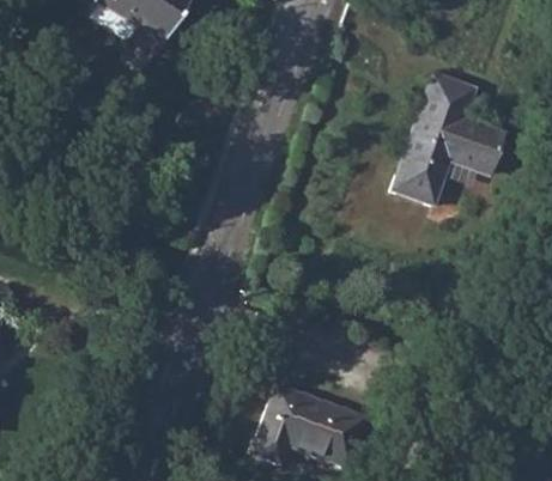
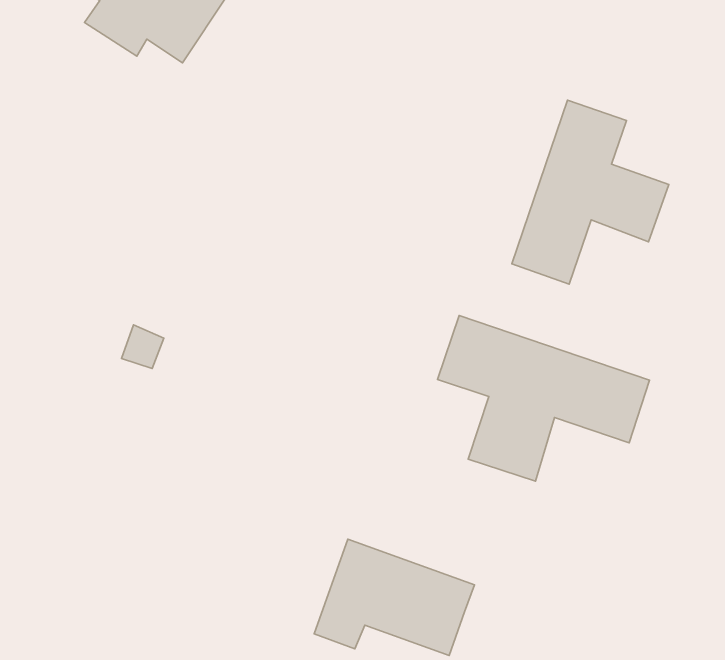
building: none -> [438,315,650,481]

